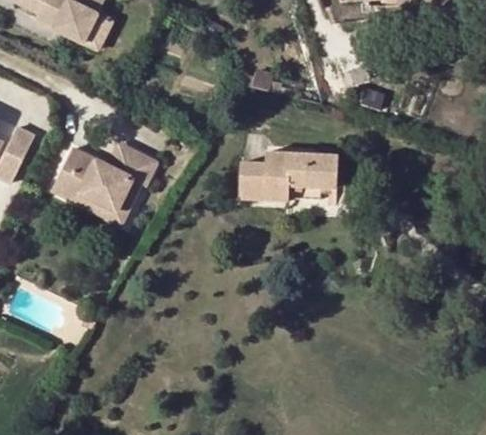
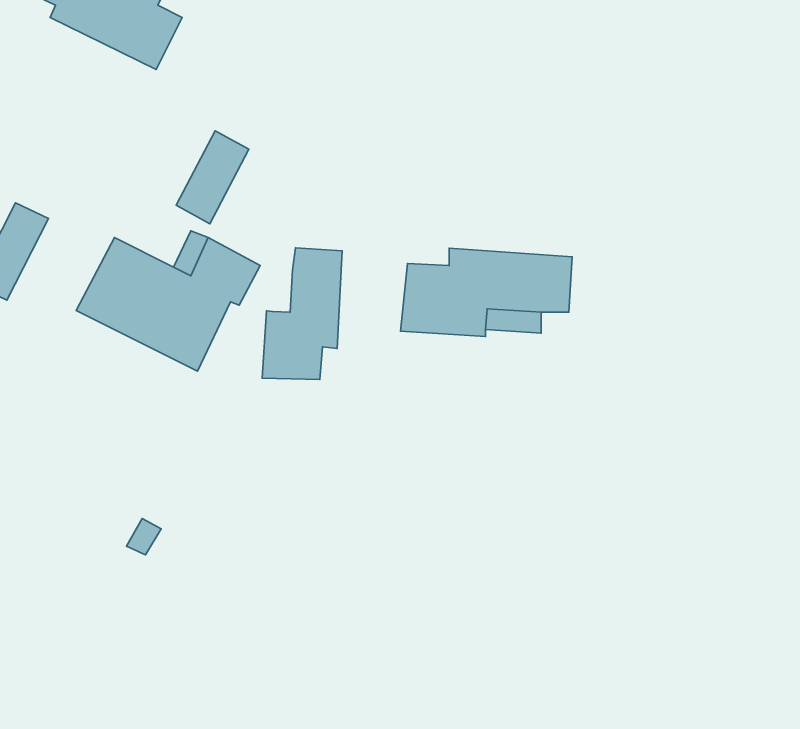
building: none -> [176,131,249,224]
building: none -> [262,248,342,380]

